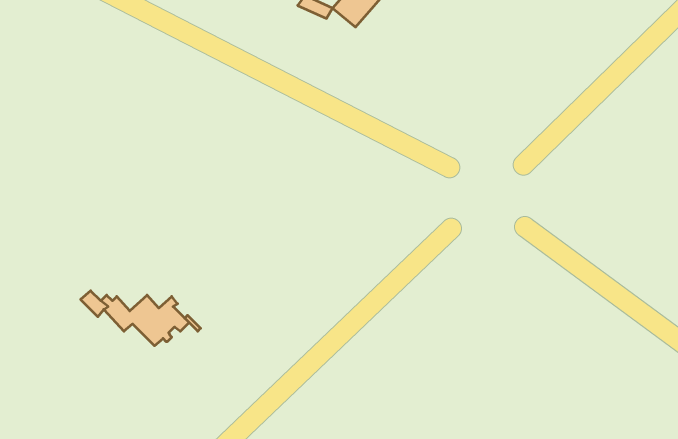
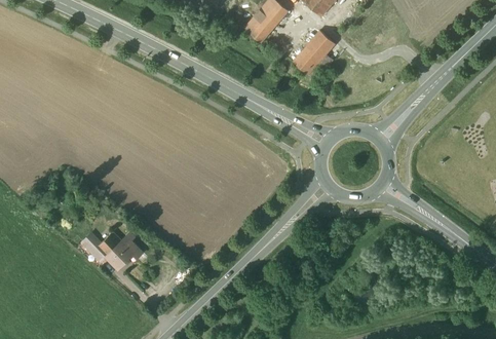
building: none -> [294,31,336,80]

